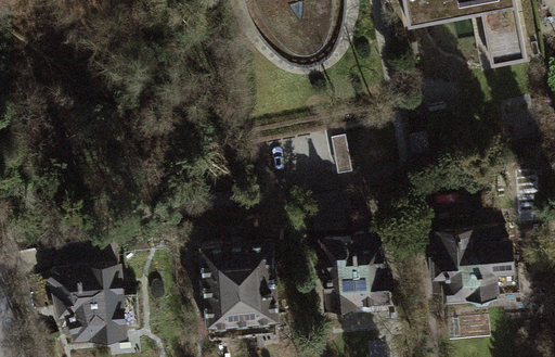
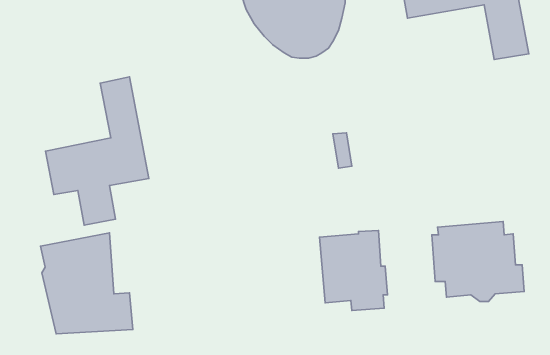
building: none -> [45,77,149,225]
building: [202,246,278,341] -> none

